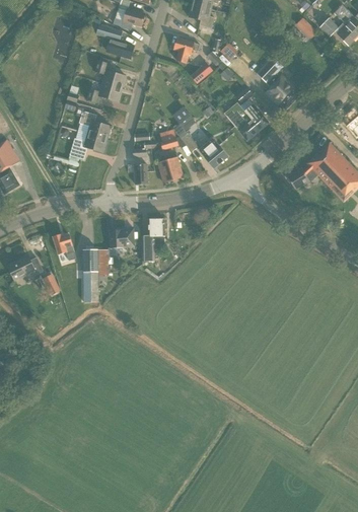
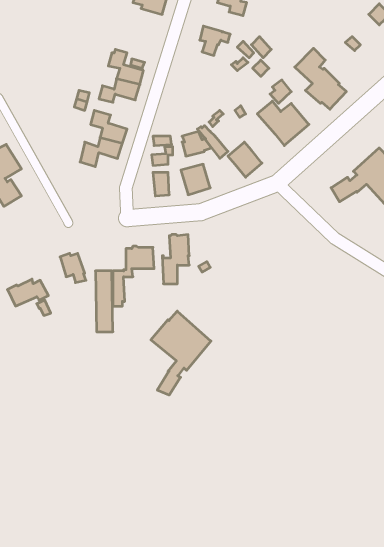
building: [95,25,134,58] -> none
building: none -> [151,311,211,395]

